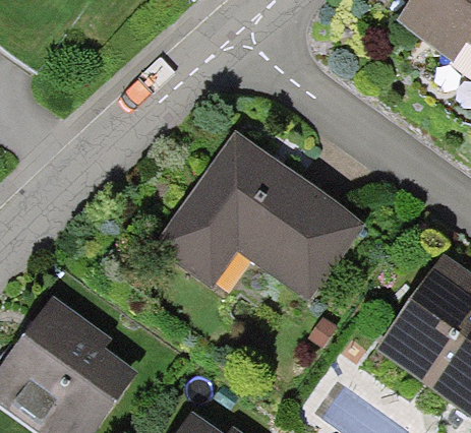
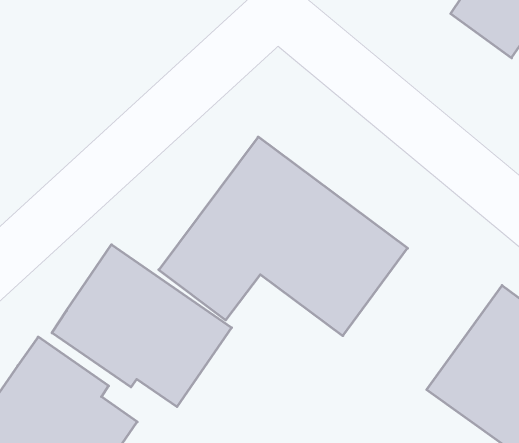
building: none -> [52,245,232,407]

